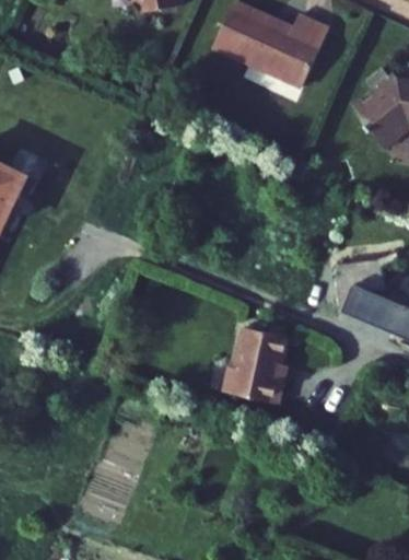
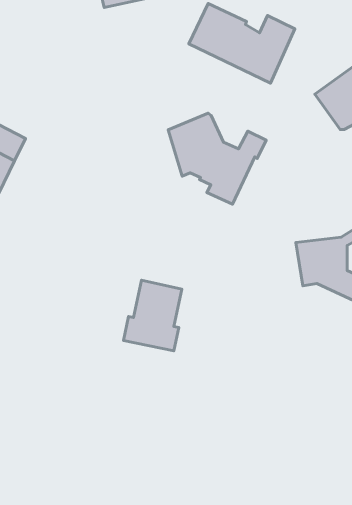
building: none -> [168,113,266,204]
building: [221,324,284,400] -> [123,280,182,351]

